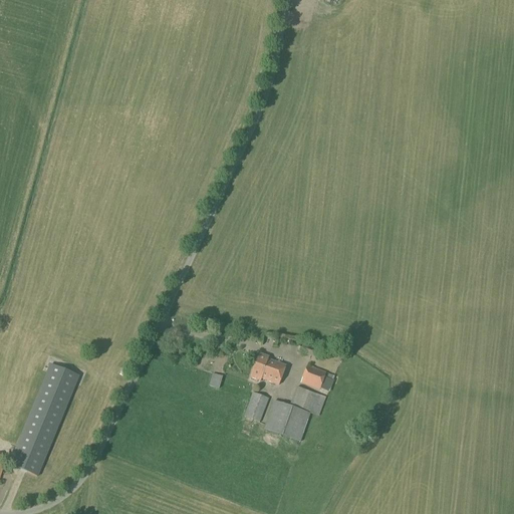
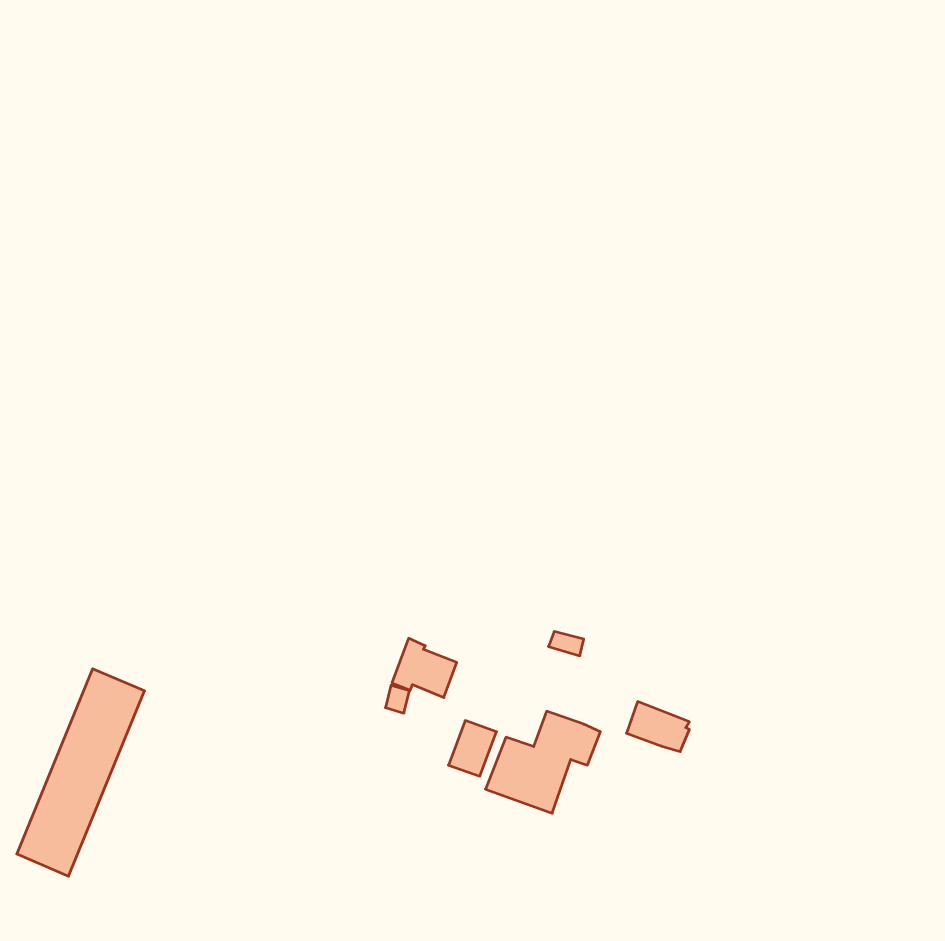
building: [251,351,286,383] -> [392,638,457,698]
building: [301,363,335,391] -> [626,702,689,752]

